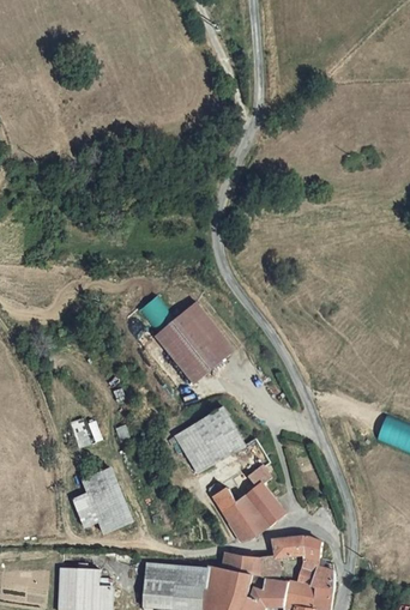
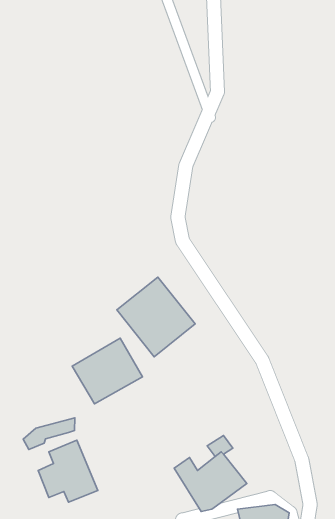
building: [171,406,243,473] -> [72,338,143,404]
building: none -> [23,418,75,449]

